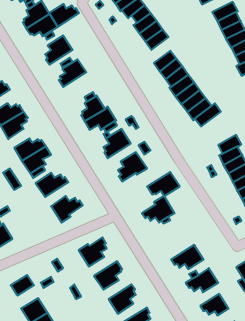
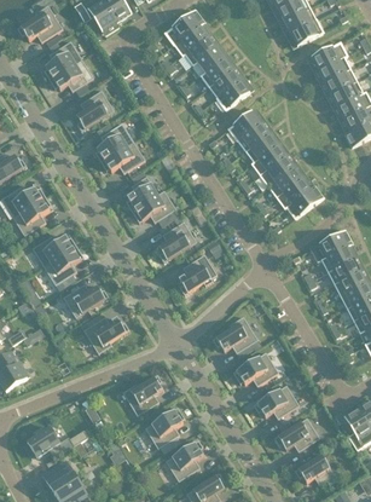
building: [49,4,79,27] -> none
building: none -> [100,140,144,172]
building: [147,172,180,196] -> [232,351,278,385]

